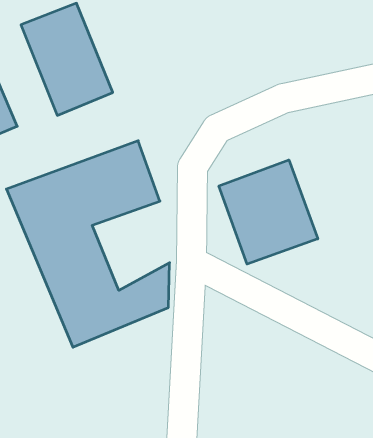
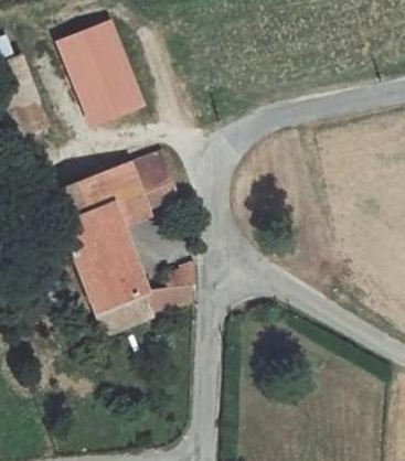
building: [219,160,318,264] -> none

